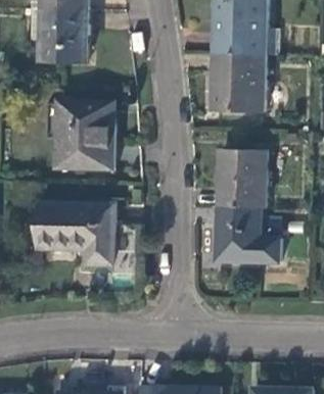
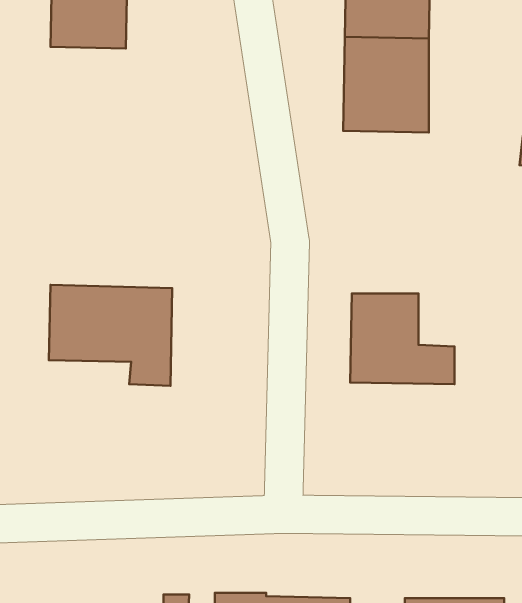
building: [54,101,112,168] -> none
building: [220,150,267,207] -> none

